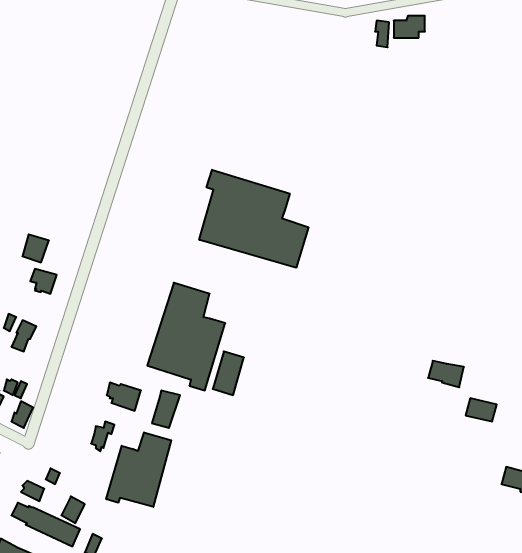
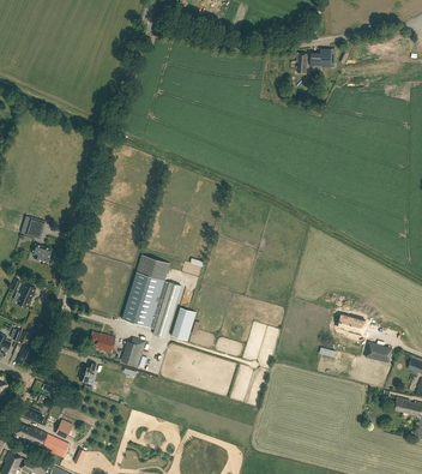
building: [199,170,308,268] -> none
building: [106,432,171,507] -> none

